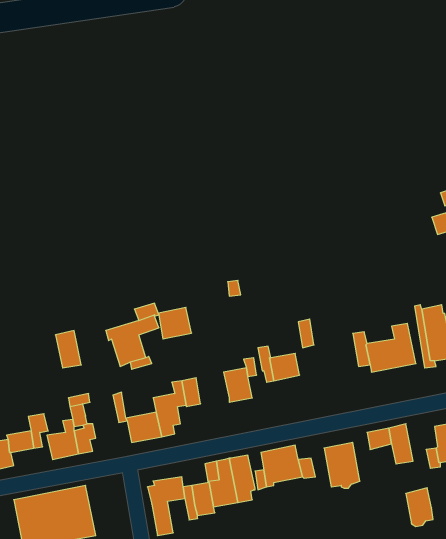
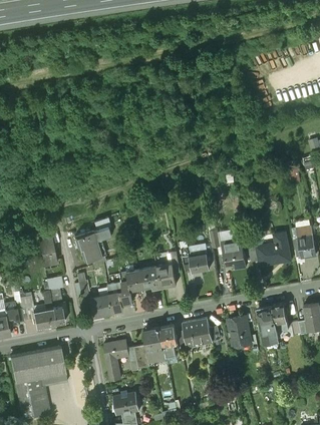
building: [159,307,192,339] -> [137,267,161,289]
building: none -> [222,241,247,271]
building: [406,488,433,527] -> [259,317,278,344]

